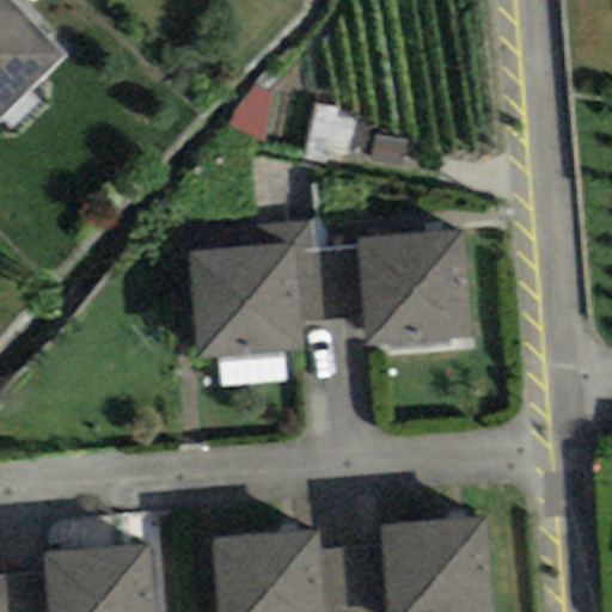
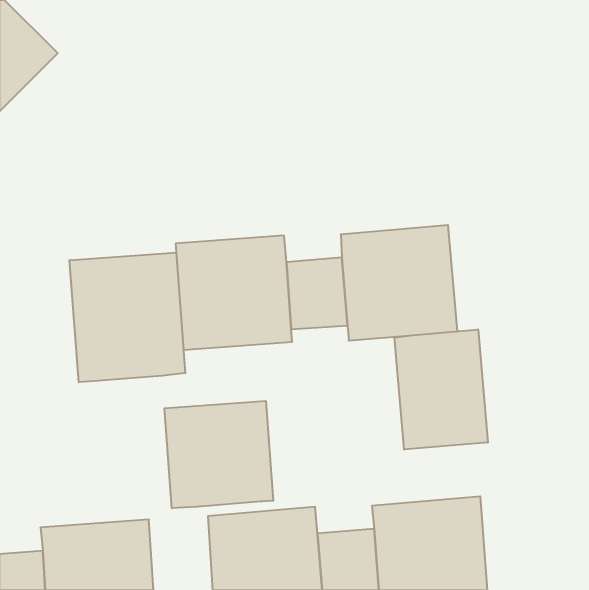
building: none -> [70,252,185,382]
building: none -> [395,329,488,450]
building: none -> [164,401,273,508]

